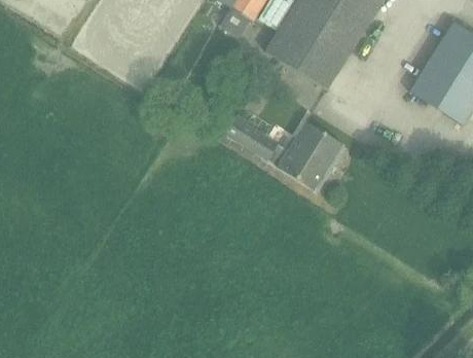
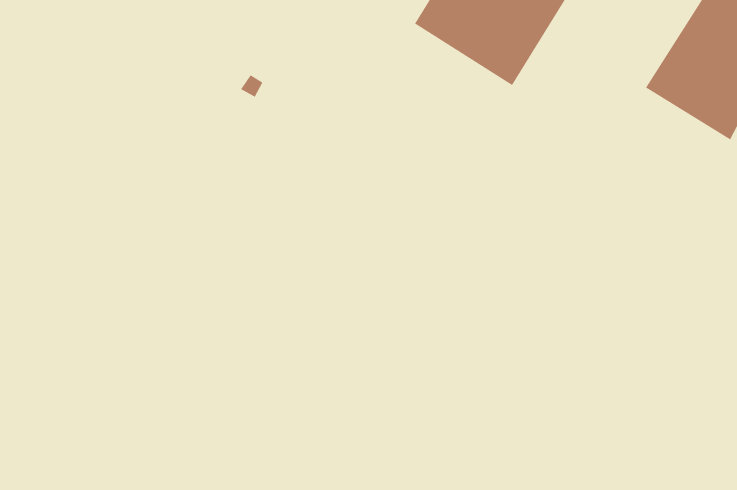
building: [225,115,343,188] -> none

